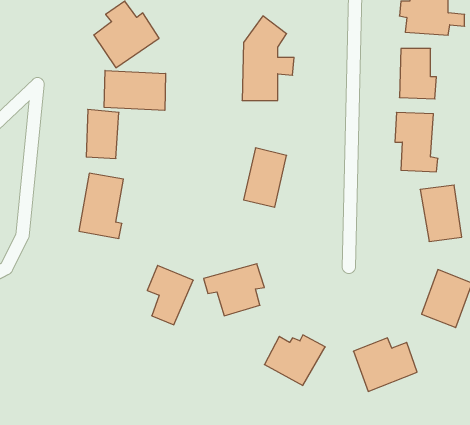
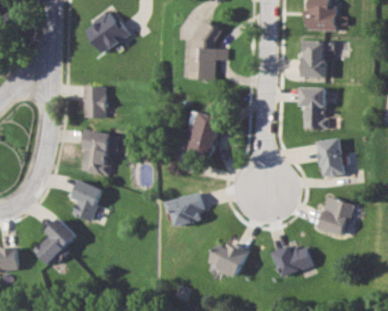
building: [104,70,166,110] -> none
building: [147,265,193,325] -> [68,178,101,220]
building: none -> [32,216,77,264]

